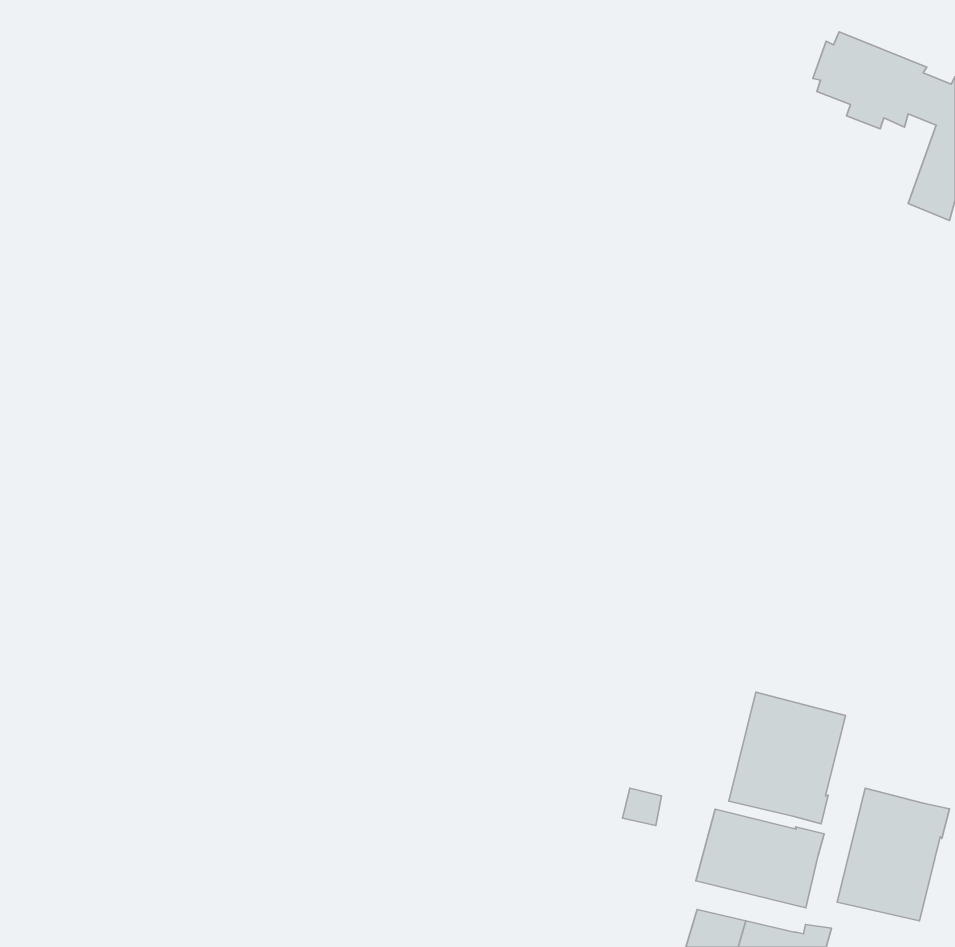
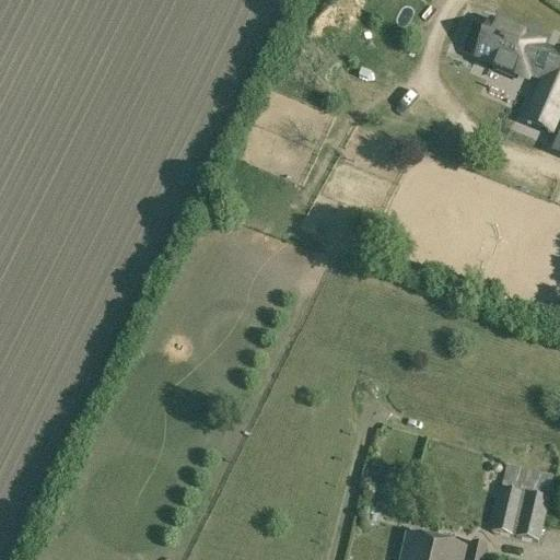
building: [729,692,845,824] -> none
building: [696,809,824,908] -> none

